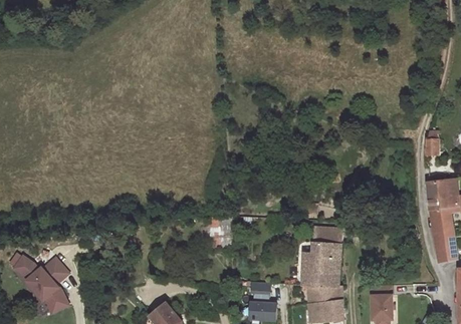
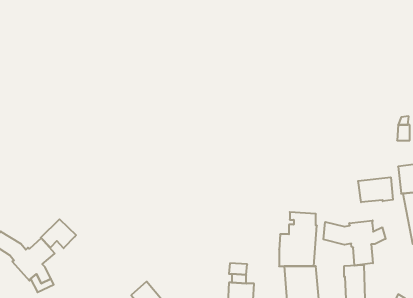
building: none -> [358,177,393,202]
building: none -> [41,219,76,248]
building: none -> [323,220,386,266]

